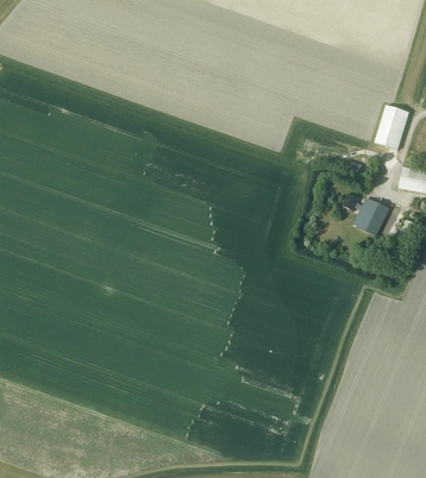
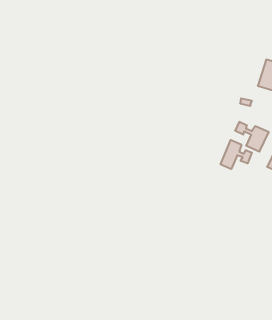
building: none -> [221,140,252,169]

